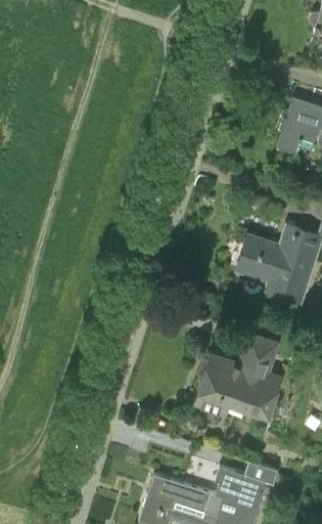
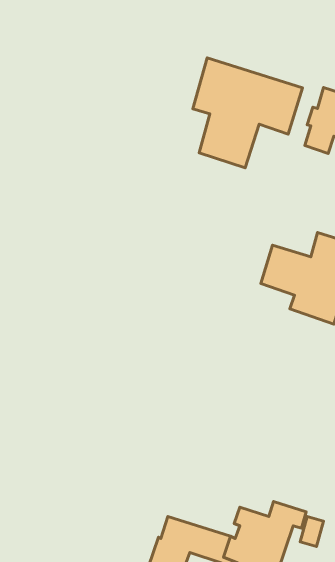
building: none -> [193,58,303,168]
building: [194,331,282,418] -> none

